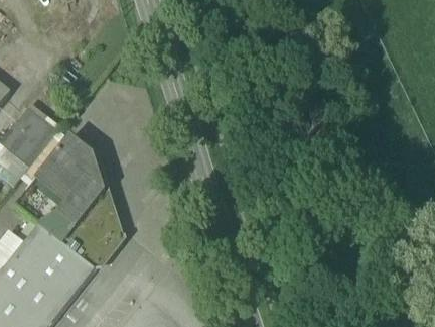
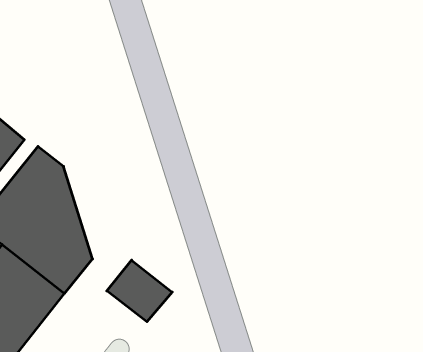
building: none -> [107,260,172,322]

